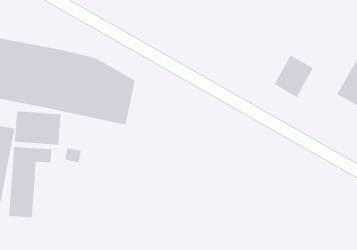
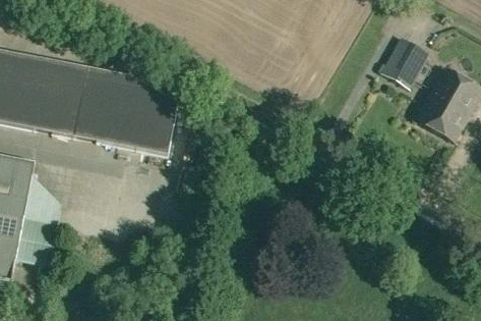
building: [274,55,313,98] -> [381,38,428,89]
building: [14,111,61,145] -> none

